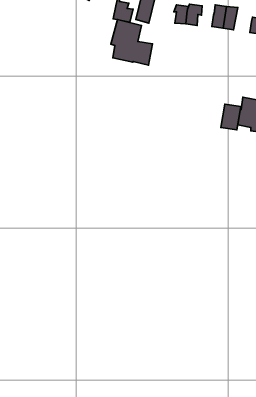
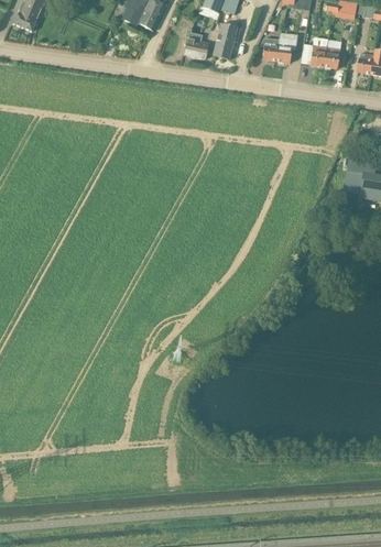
building: [111,20,152,65] -> none
building: [221,104,241,130] -> none

